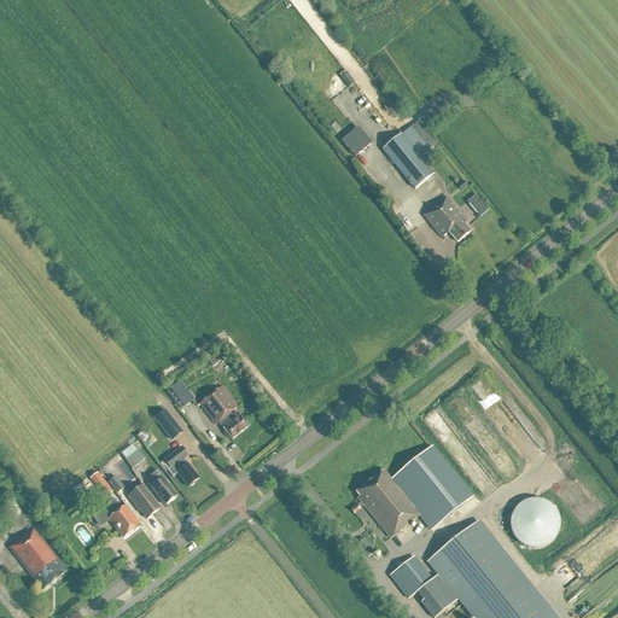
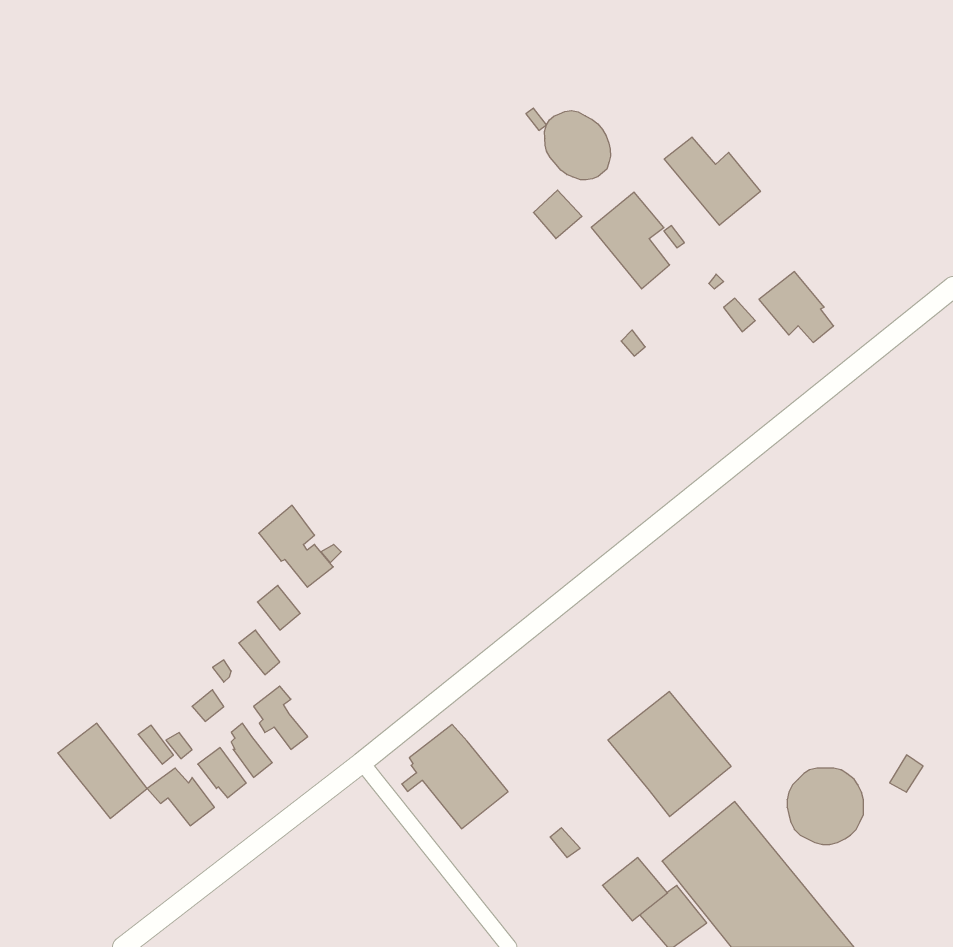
building: none -> [545,111,611,180]
building: none -> [664,137,760,225]
building: [422,194,471,240] -> [759,272,834,342]
building: [200,385,249,438] -> [259,505,333,587]
building: [351,468,420,536] -> [402,724,508,829]
building: [8,526,66,588] -> [58,723,147,818]

